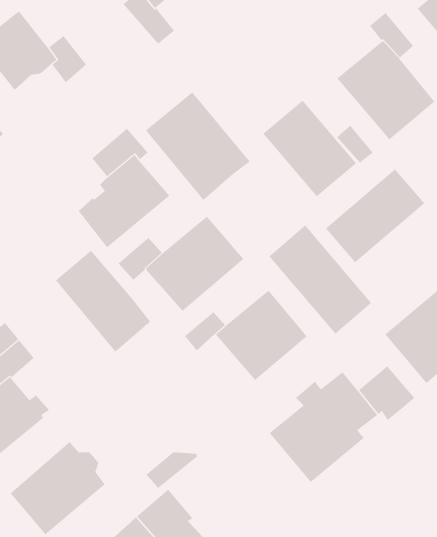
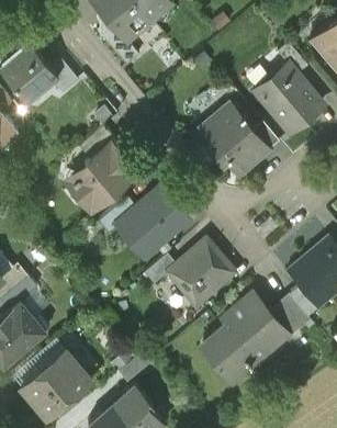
building: [145,92,250,201] -> none
building: [325,169,425,263] -> none
building: [269,225,372,335] -> none
building: [55,250,151,352] -> none

